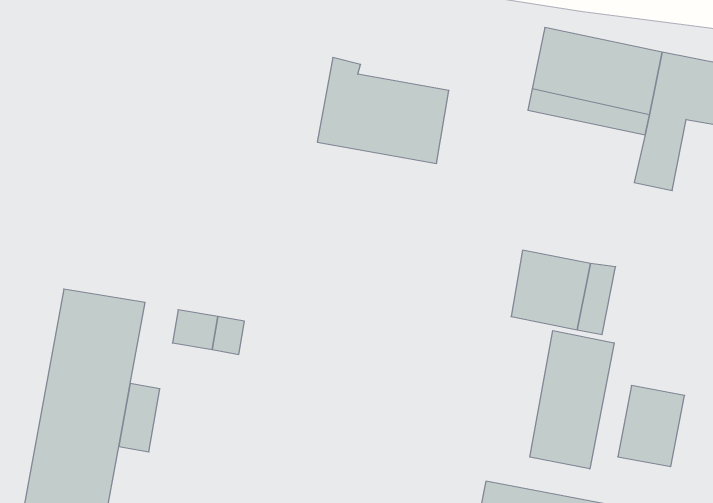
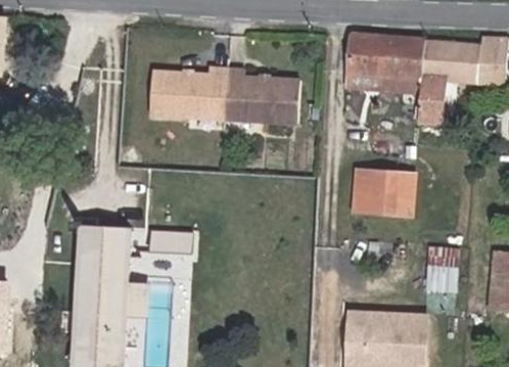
building: none -> [149,67,226,121]
building: [530,331,614,469] -> none

